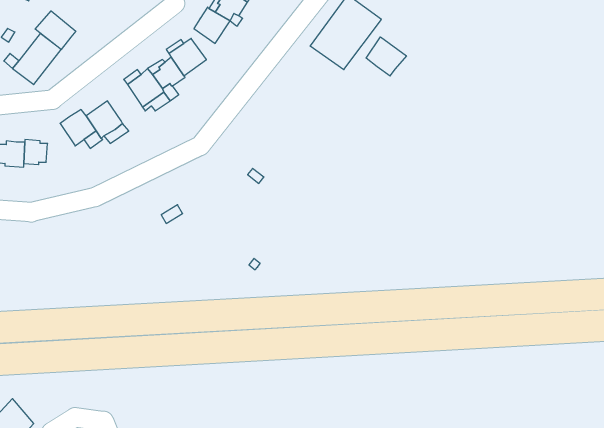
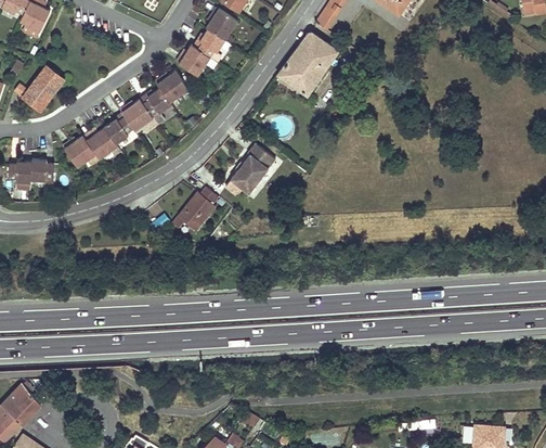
building: [35,11,76,50] -> none
building: [366,37,406,76] -> none
building: none -> [104,114,132,142]
building: none -> [232,141,275,192]
building: none -> [172,187,219,231]

